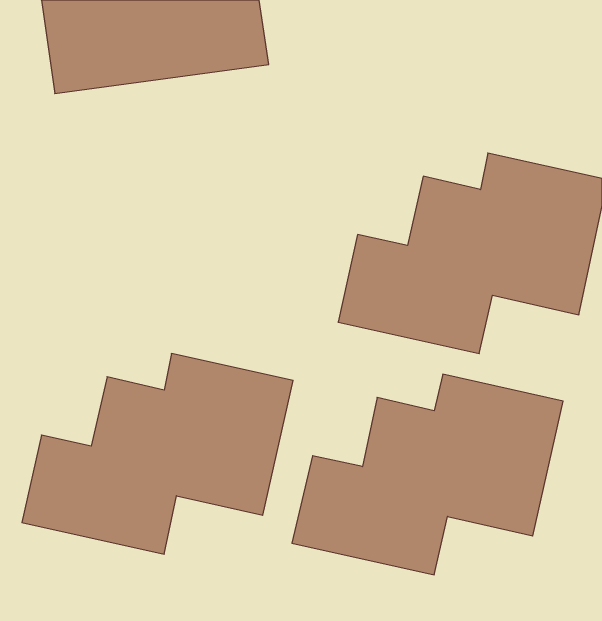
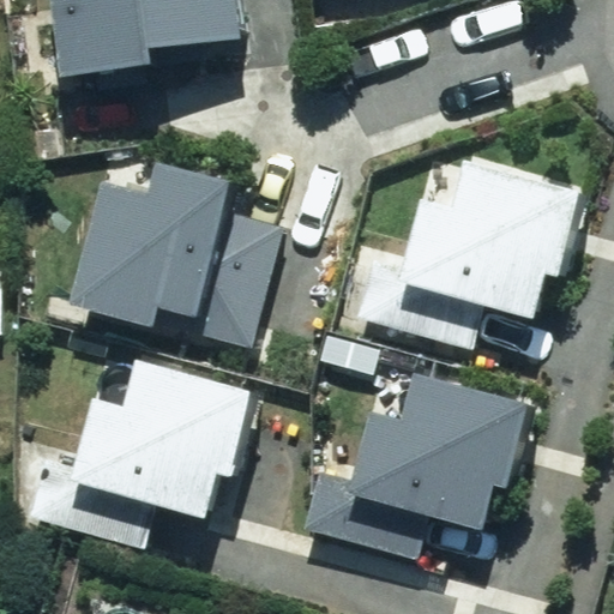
building: none -> [78,145,275,351]

